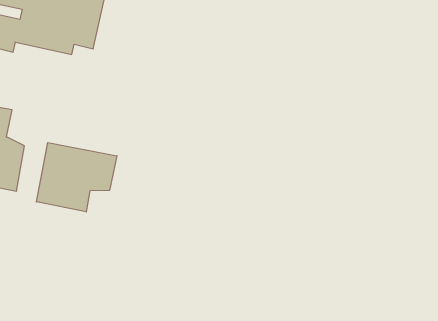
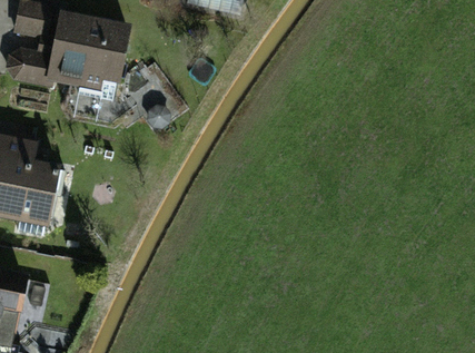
building: [36,143,117,212] -> none

